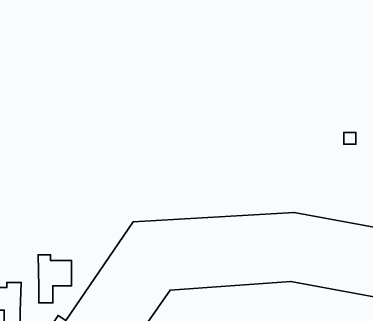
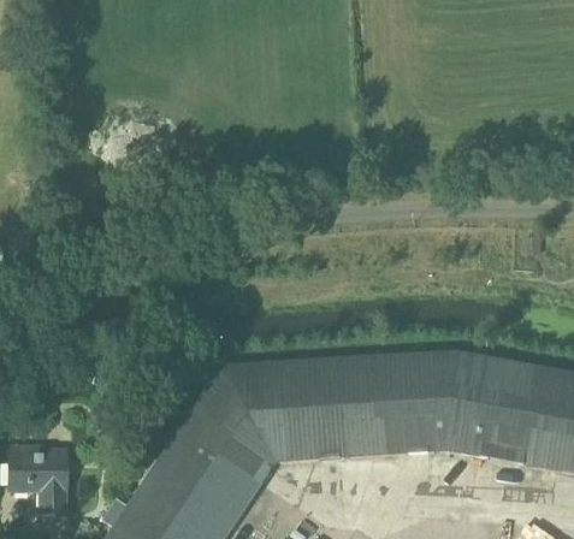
building: [38,255,71,303] -> none

